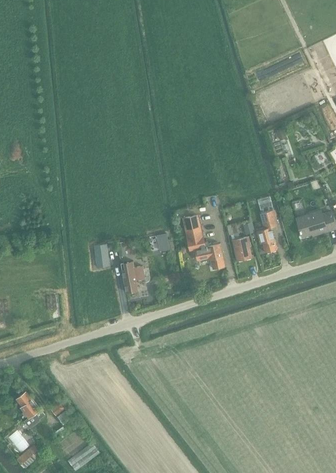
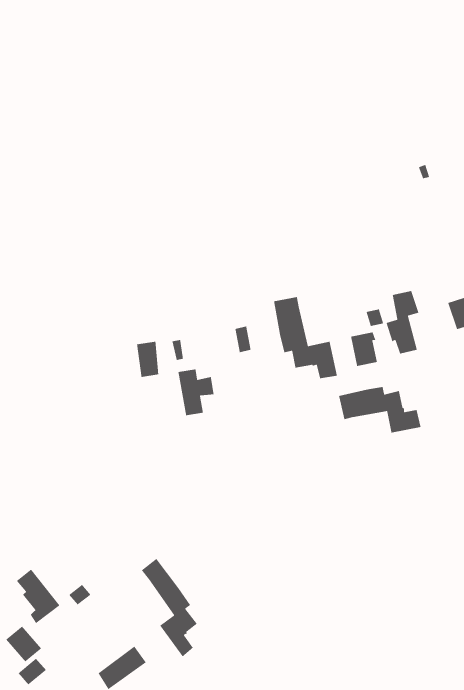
building: none -> [338,386,421,434]
building: none -> [141,558,198,657]

